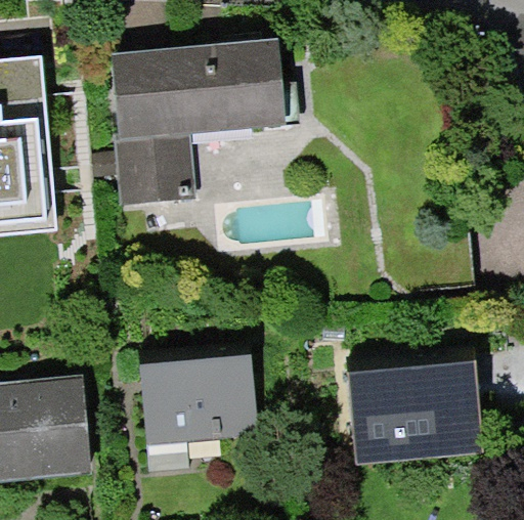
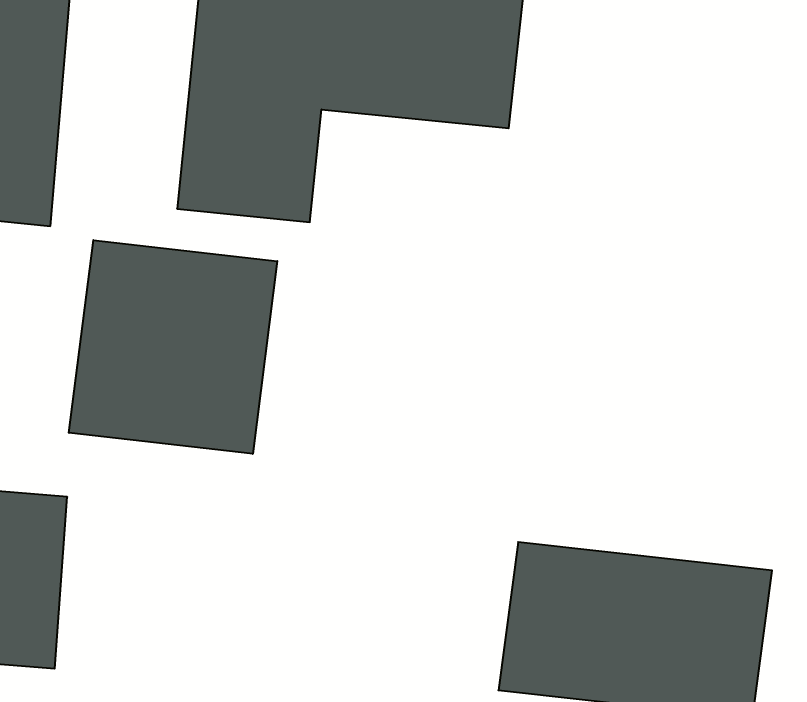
building: none -> [69,240,277,454]
building: [141,345,256,473] -> none

